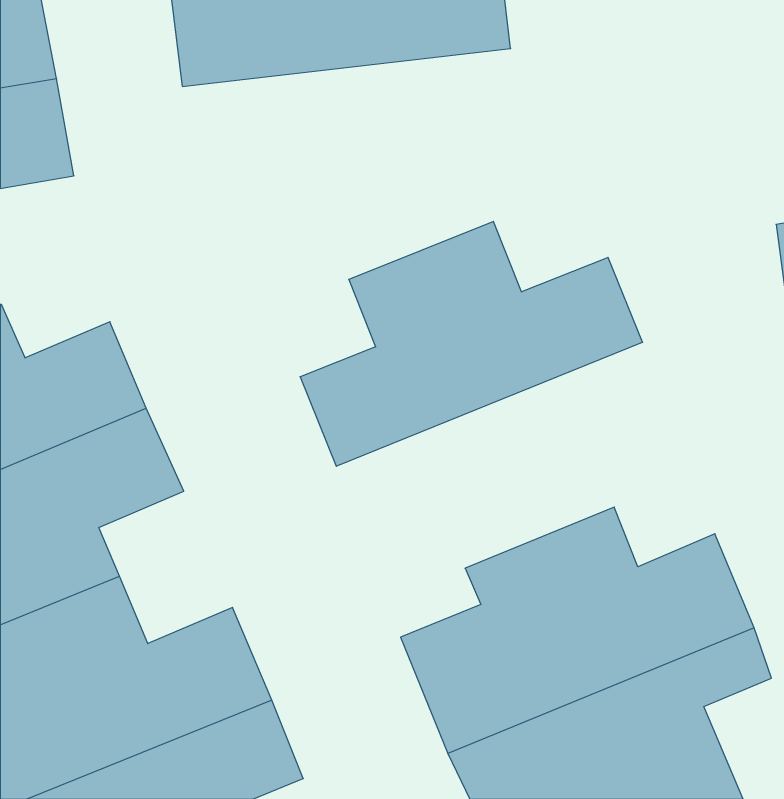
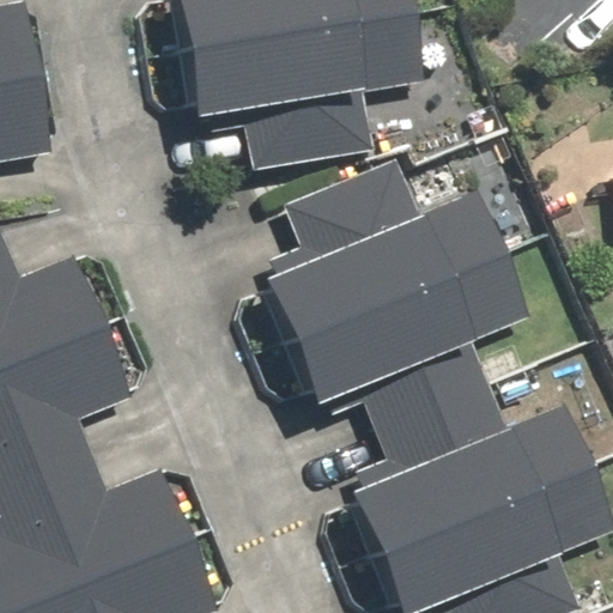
building: none -> [153,37,406,181]
building: none -> [271,261,524,433]

